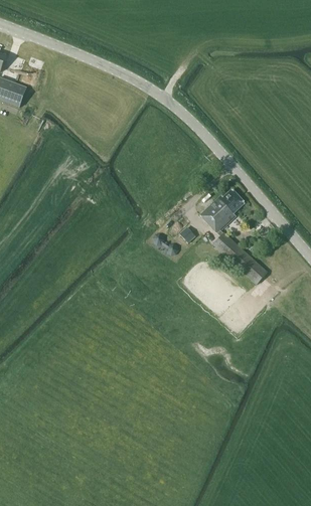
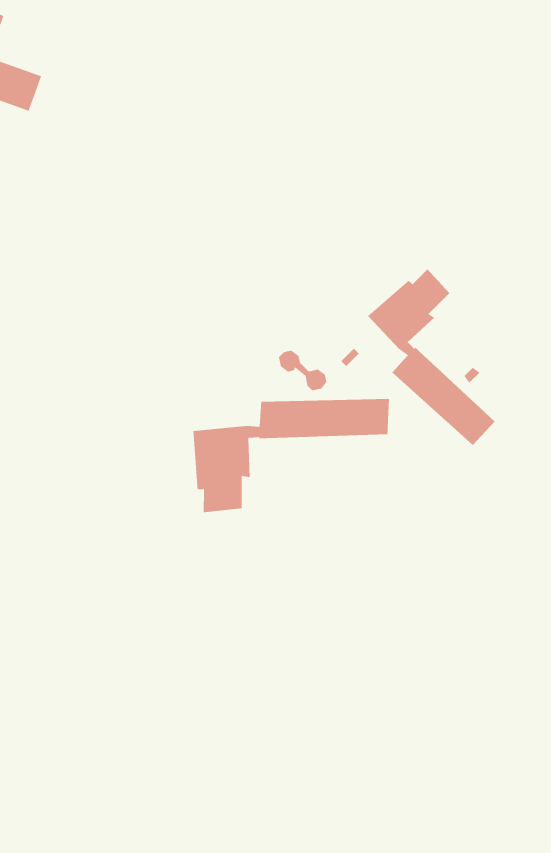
building: none -> [192,398,390,513]

